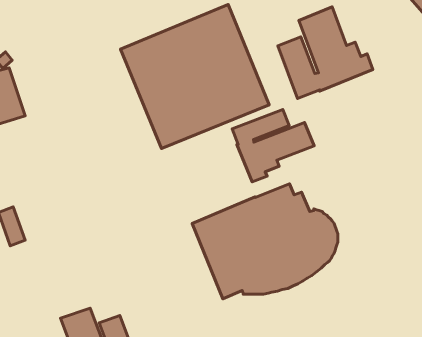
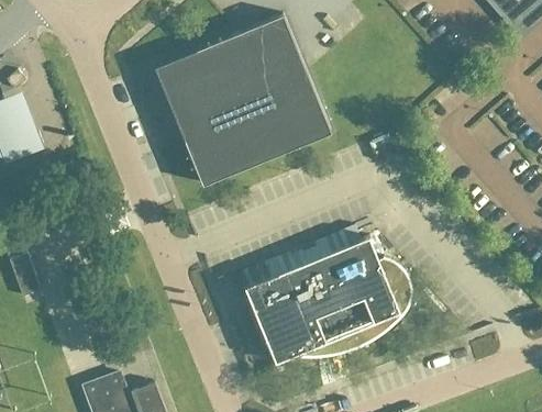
building: [278,7,373,98] -> none
building: [232,109,314,182] -> none

